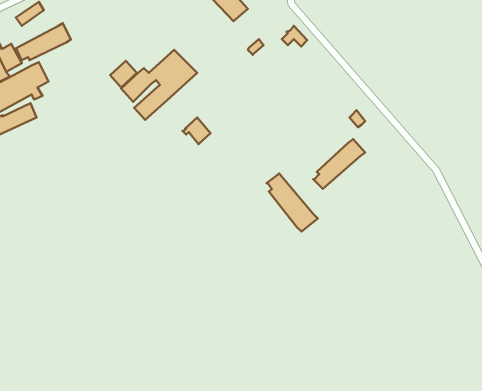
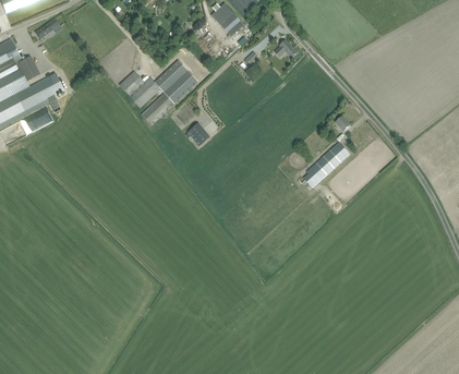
building: [16,23,71,61] -> none
building: [266,174,318,232] -> none

